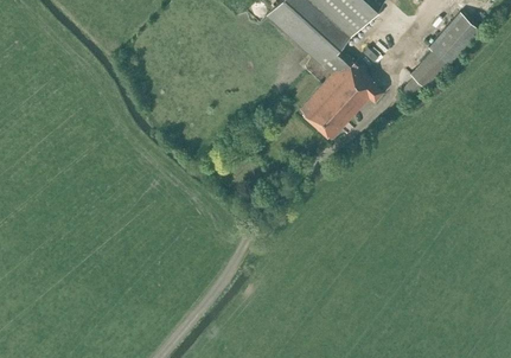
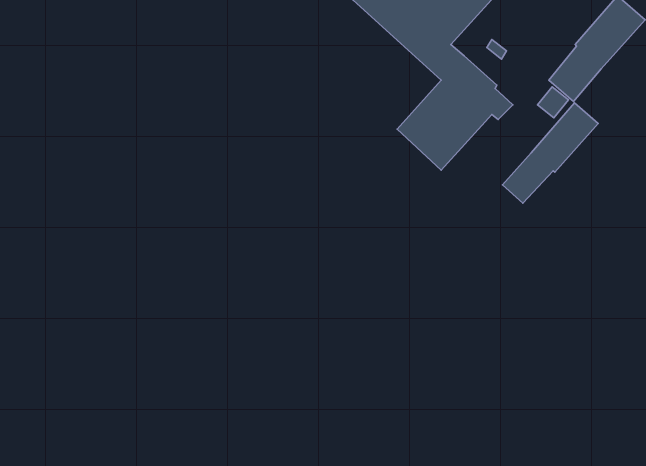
building: none -> [502,103,598,203]

